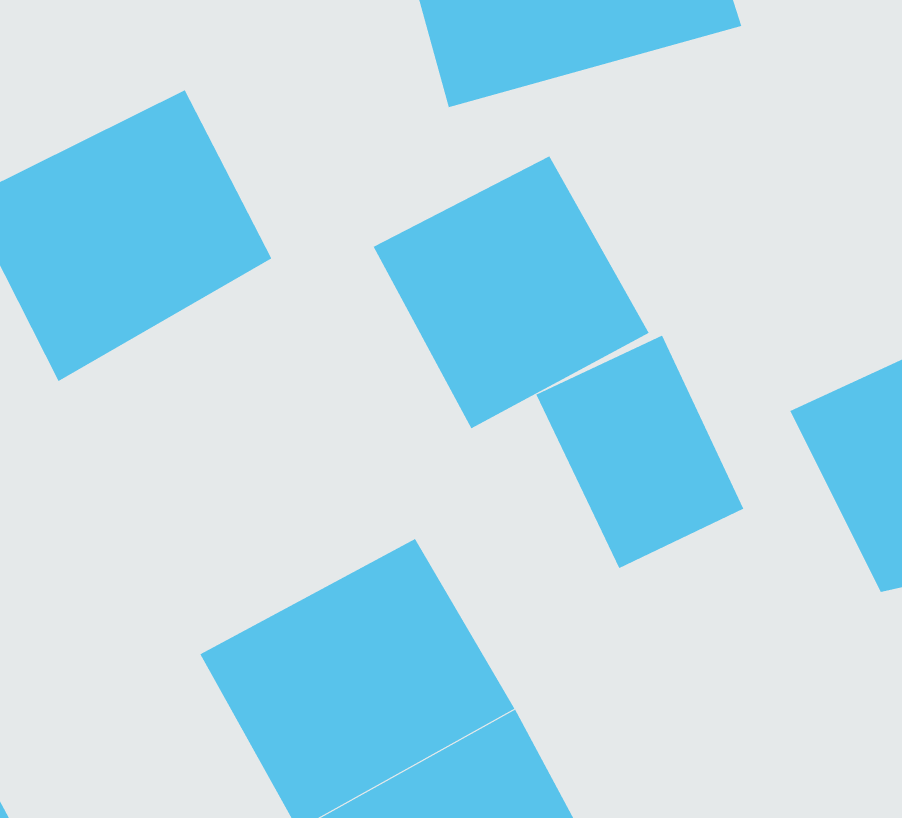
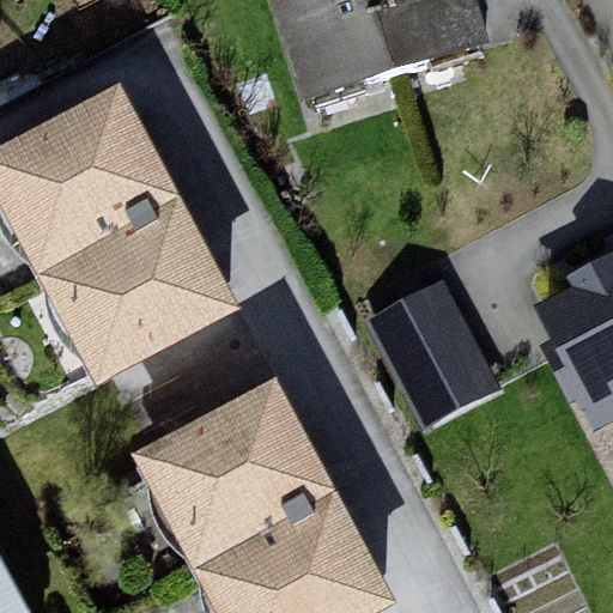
building: [373,155,649,429] -> none
building: none -> [38,198,243,393]

